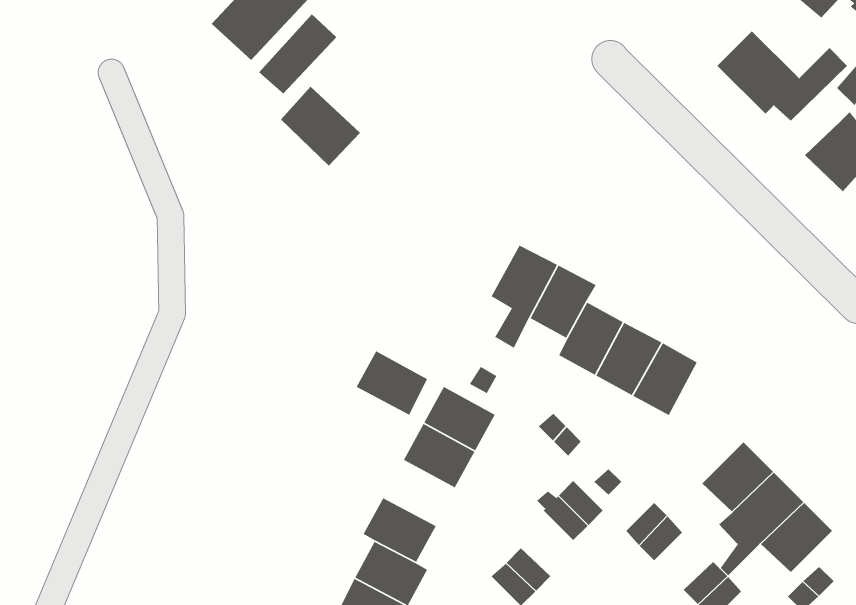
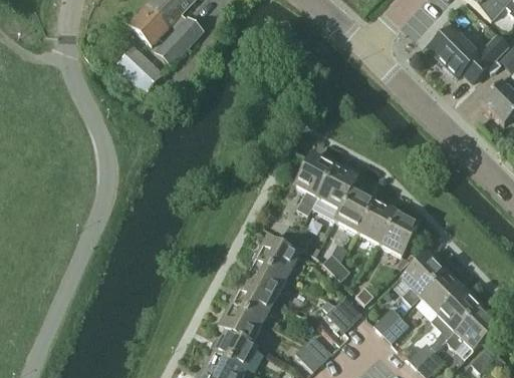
building: [280,86,361,167] -> [116,45,165,93]
building: [356,350,428,416] -> [231,282,274,321]
building: none -> [404,254,446,305]

